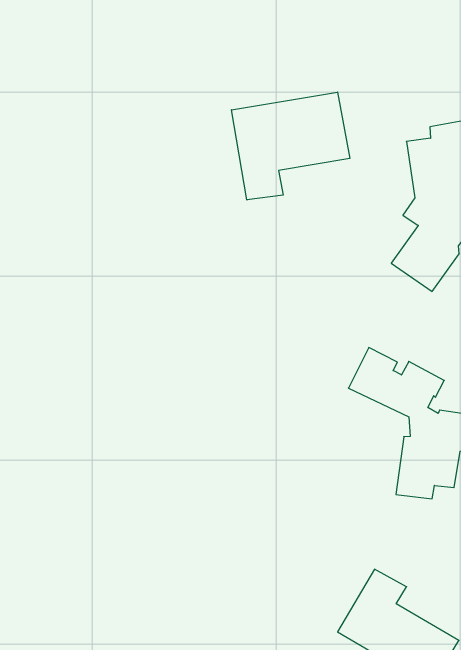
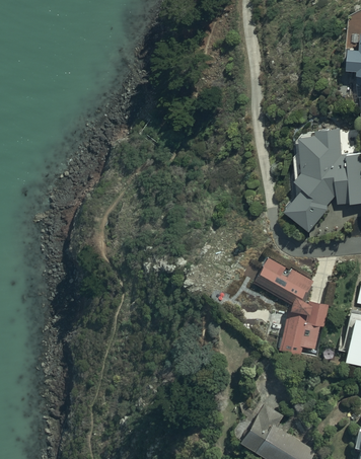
building: [232,92,350,200] -> none

